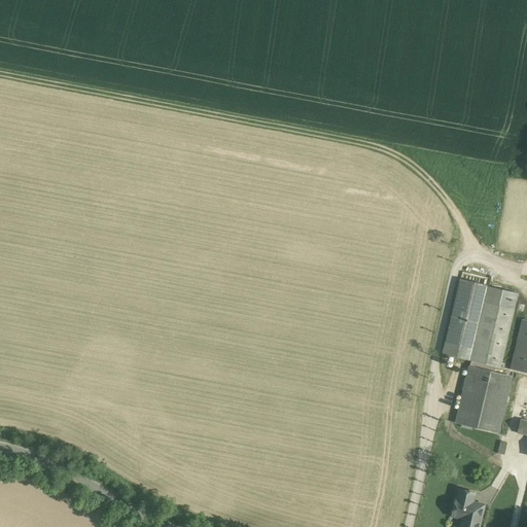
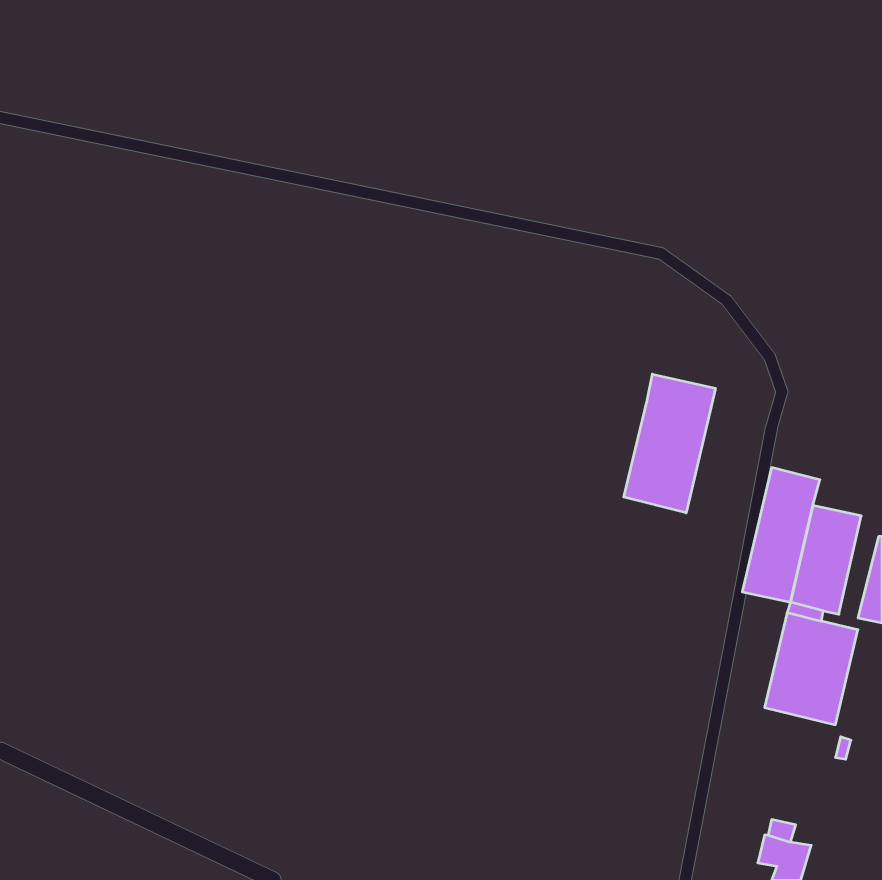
building: none -> [624,374,715,513]
building: [485,286,517,308] -> none

